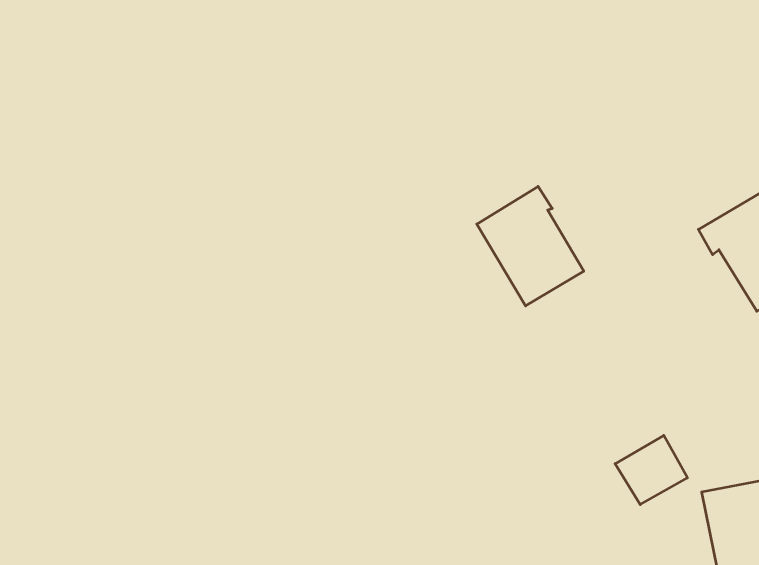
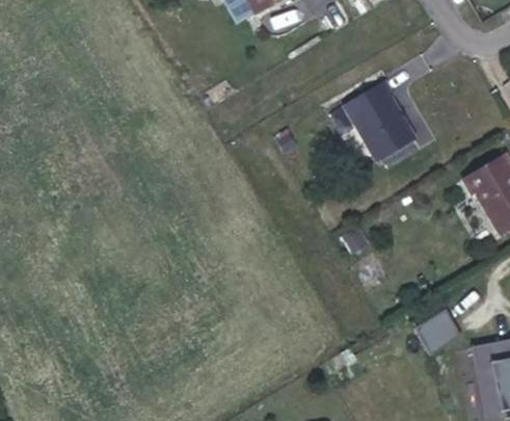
building: [477,186,584,306] -> [345,78,415,157]

